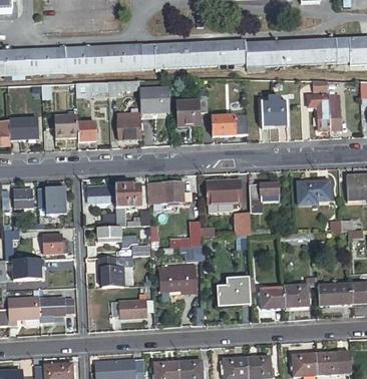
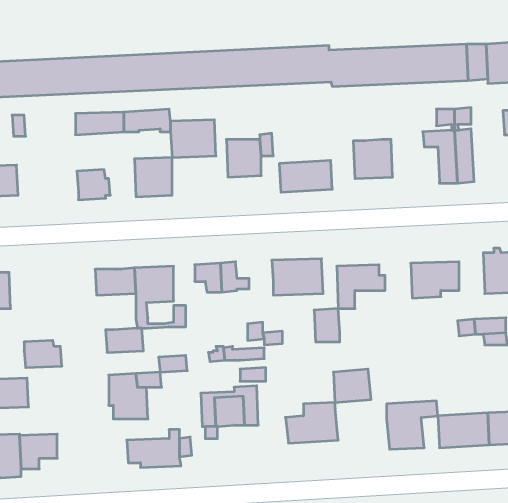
building: [54,113,78,136] -> none
building: [45,188,65,215] -> none
building: [260,286,285,308] -> [333,369,371,402]

